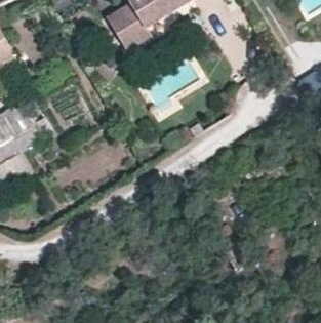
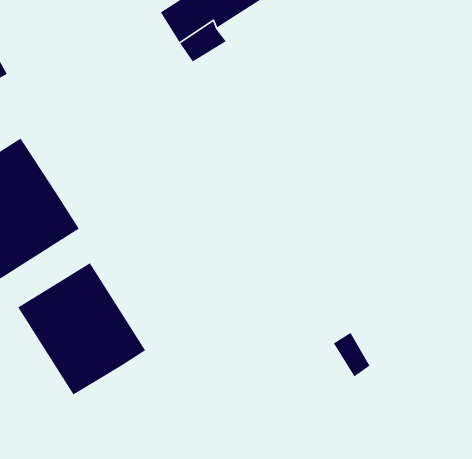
building: none -> [17,262,146,396]

